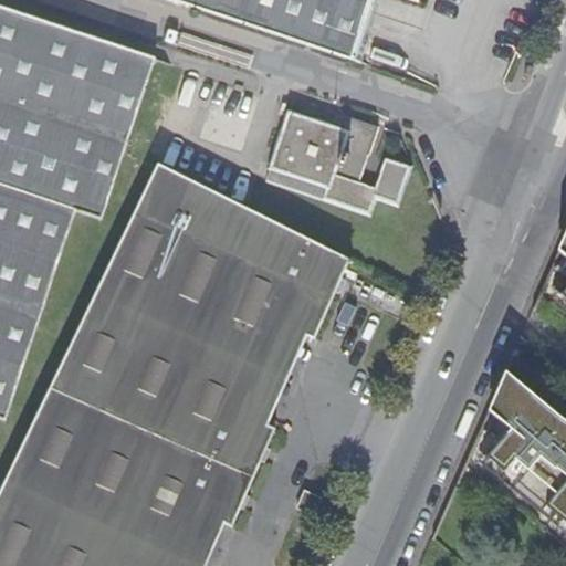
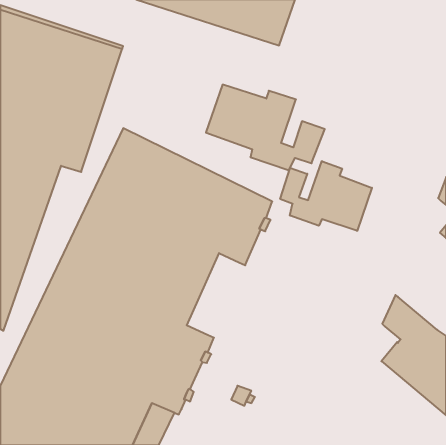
building: none -> [280,161,372,231]
building: [237,321,303,424] -> none

